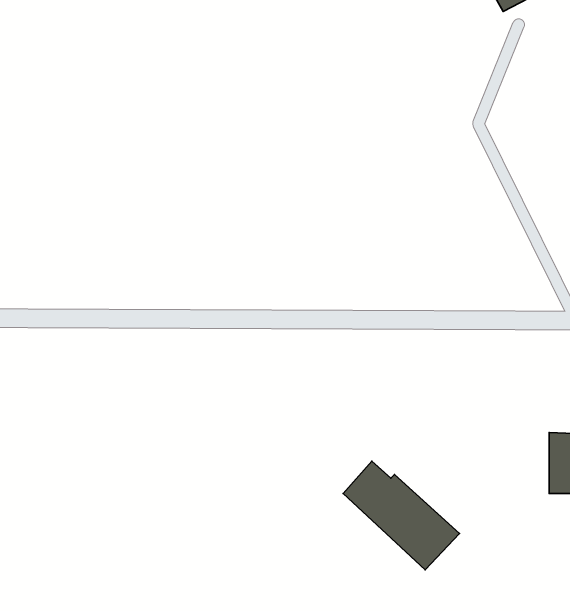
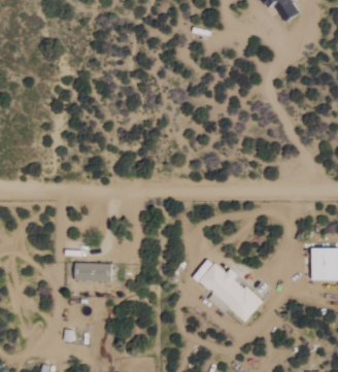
building: none -> [73,262,111,281]

